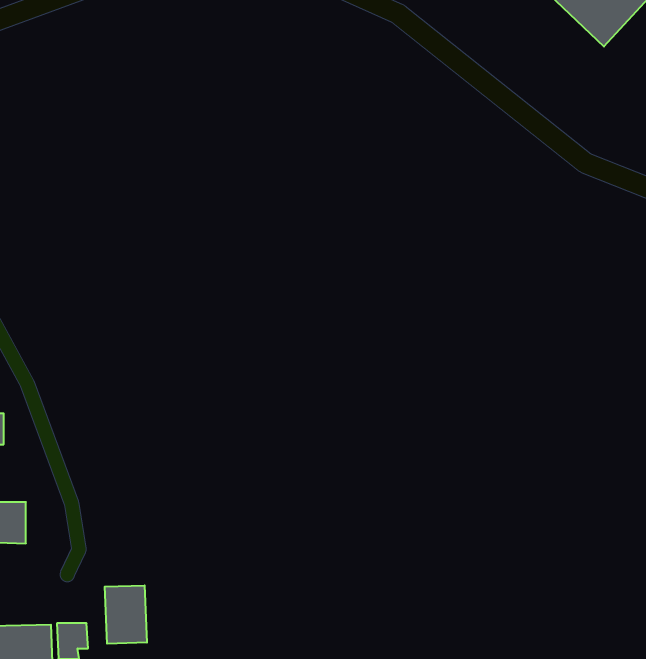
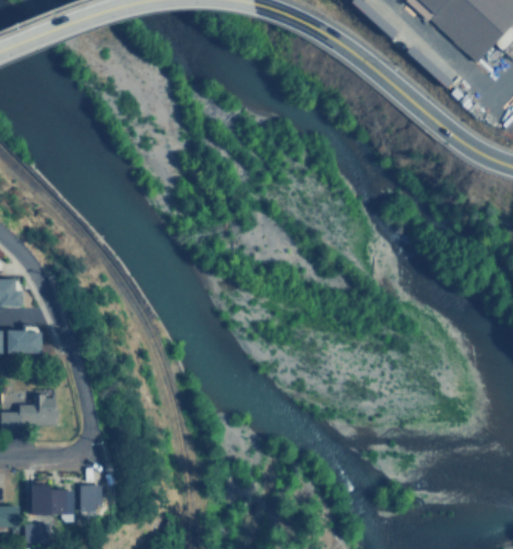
building: [105,585,147,644] -> none

